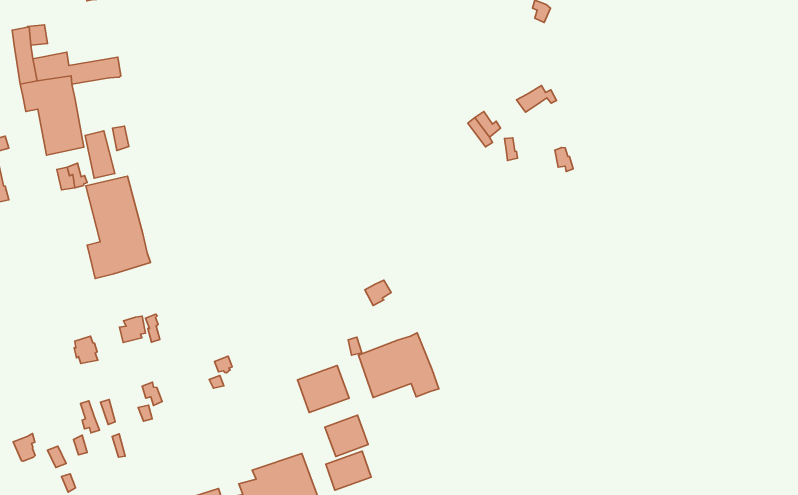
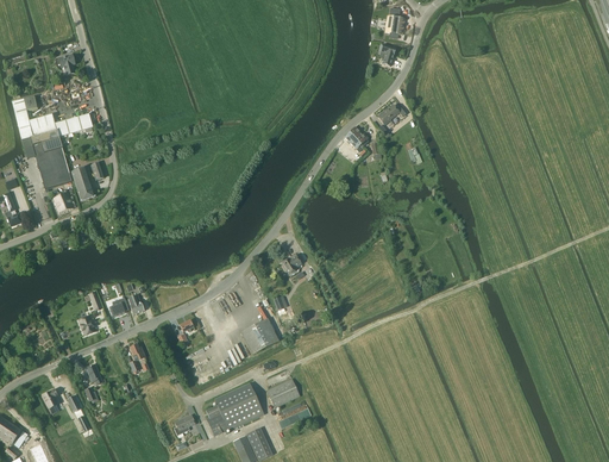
building: [86,176,150,279] -> none
building: [358,333,439,397] -> none
building: [325,415,368,456] -> none

